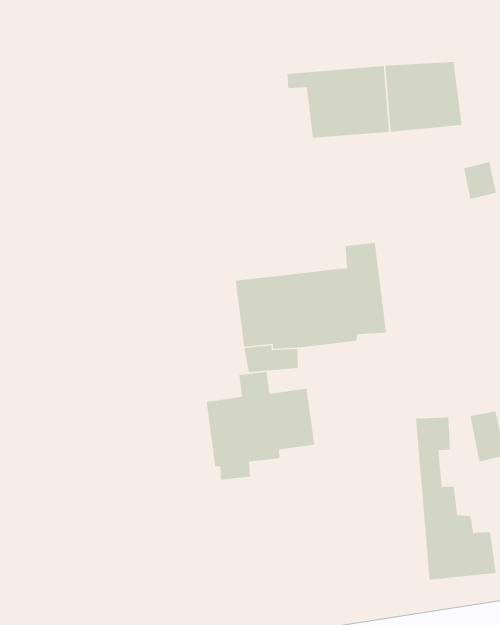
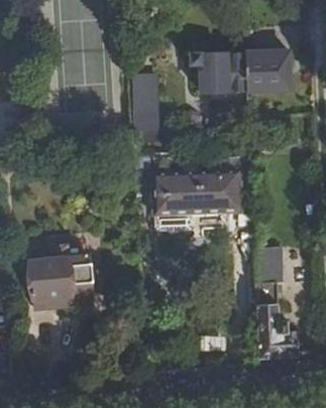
building: none -> [132,74,160,141]
building: [206,371,315,481] -> [28,246,92,309]

